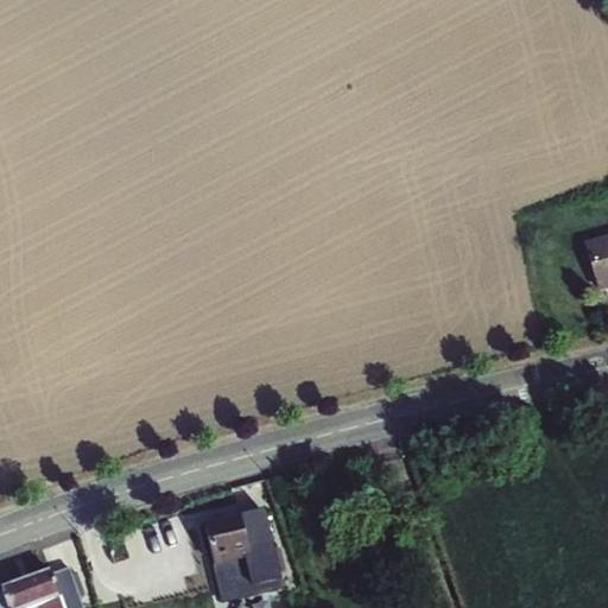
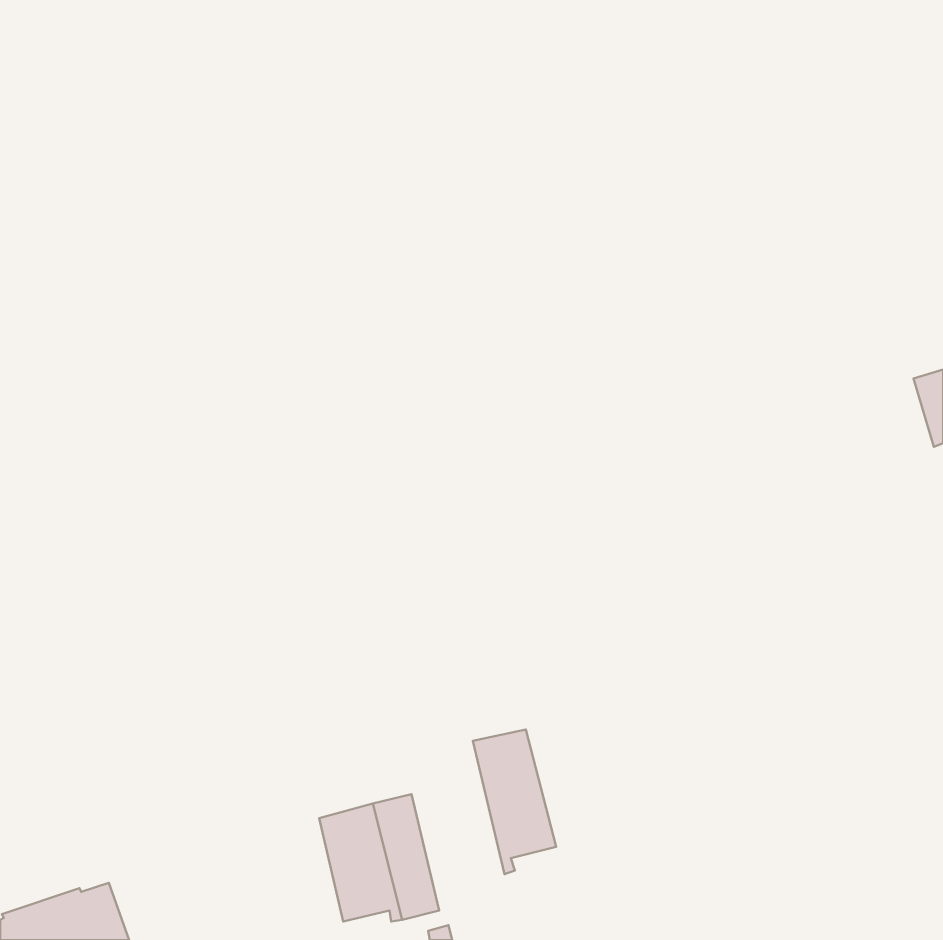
building: none -> [473,729,556,874]

